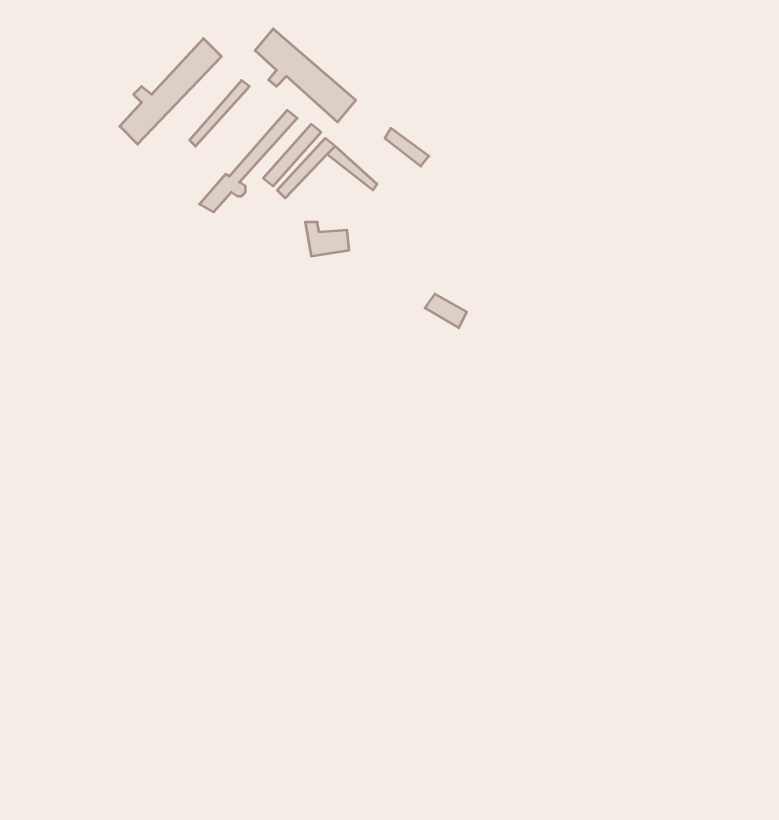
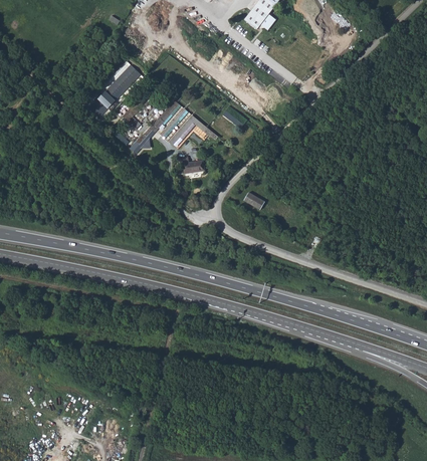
building: [255,29,356,122] -> none

